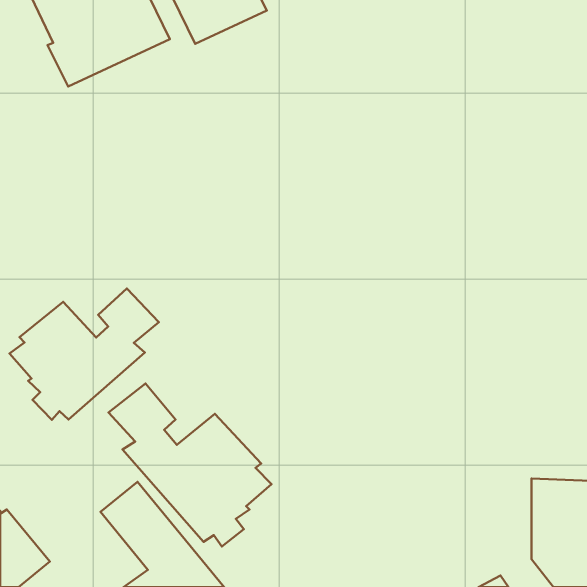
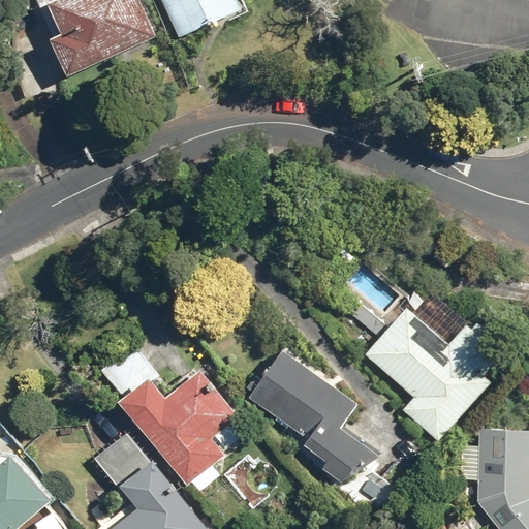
building: [9,289,159,420] -> none
building: none -> [365,303,502,441]
building: none -> [243,350,379,483]

